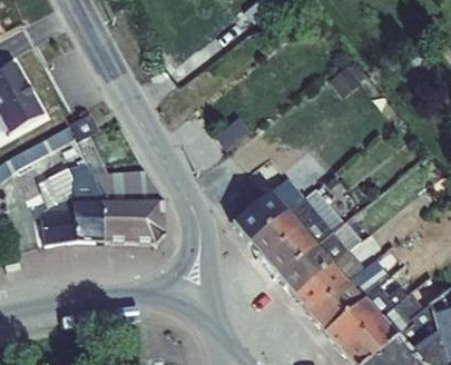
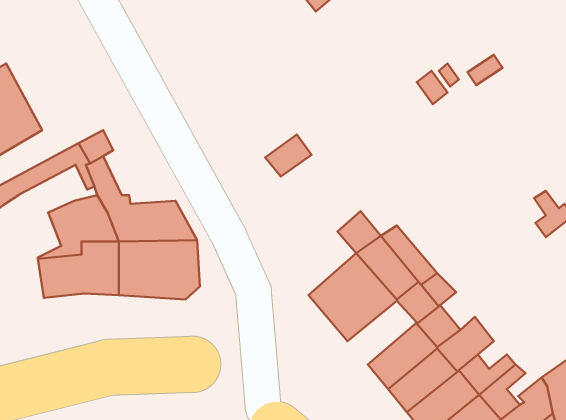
building: [234,191,286,240] -> none
building: [280,245,333,294] -> none

